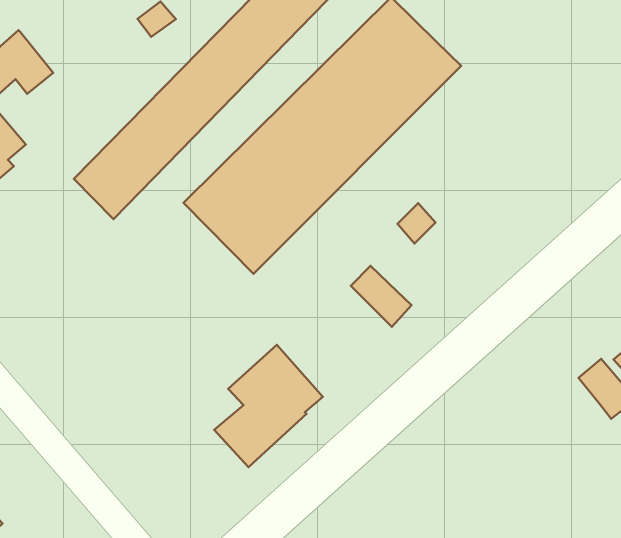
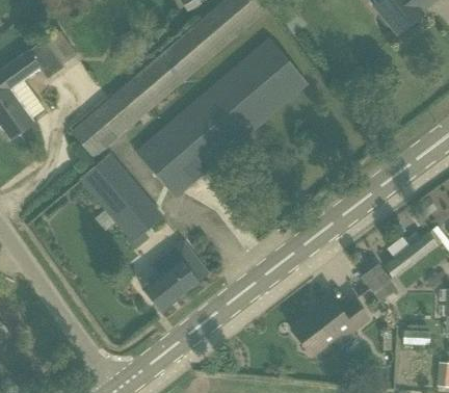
building: none -> [79,152,163,242]
building: [351,266,412,327] -> none
building: none -> [292,296,370,358]

